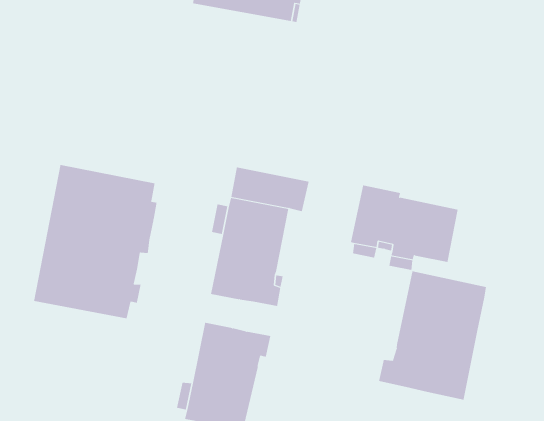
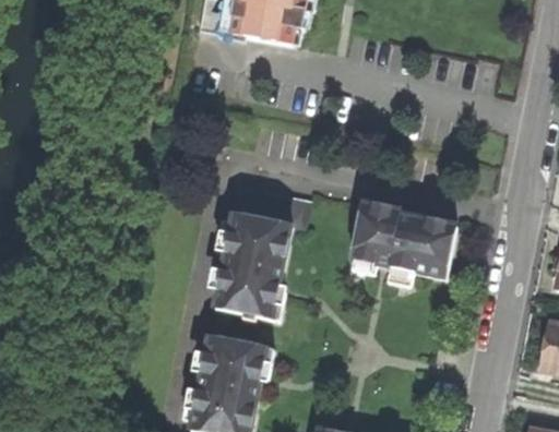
building: [34,164,157,319] -> none
building: [378,270,487,401] -> none

